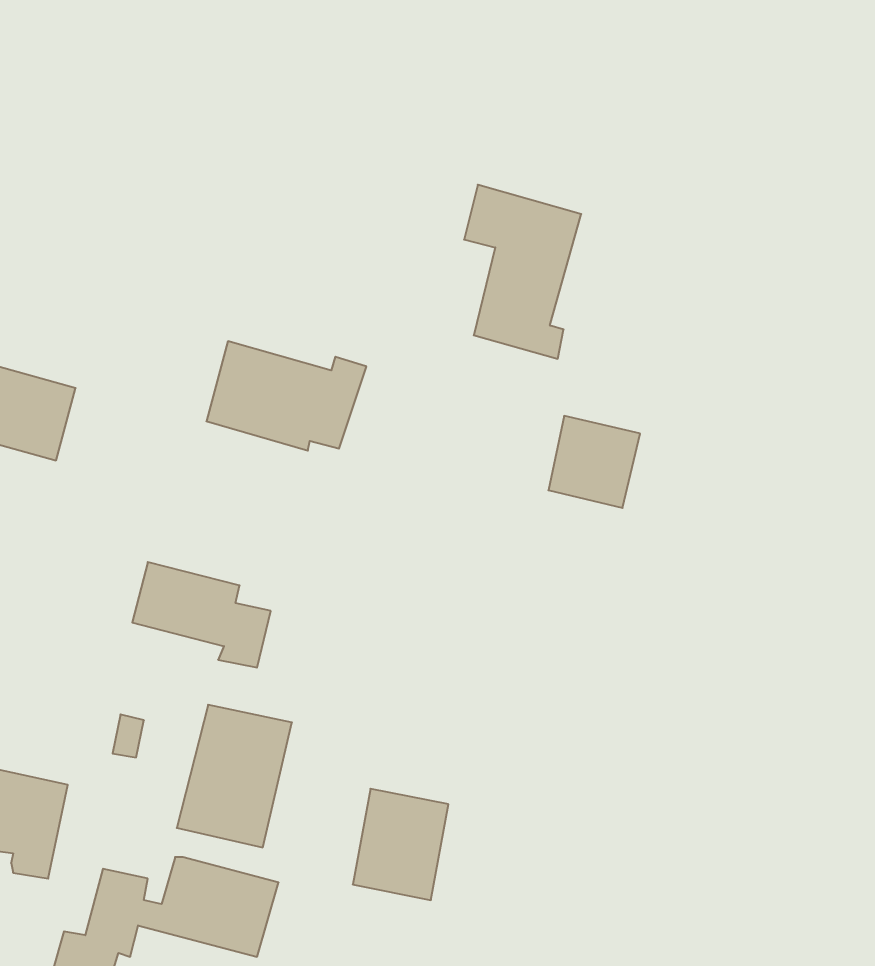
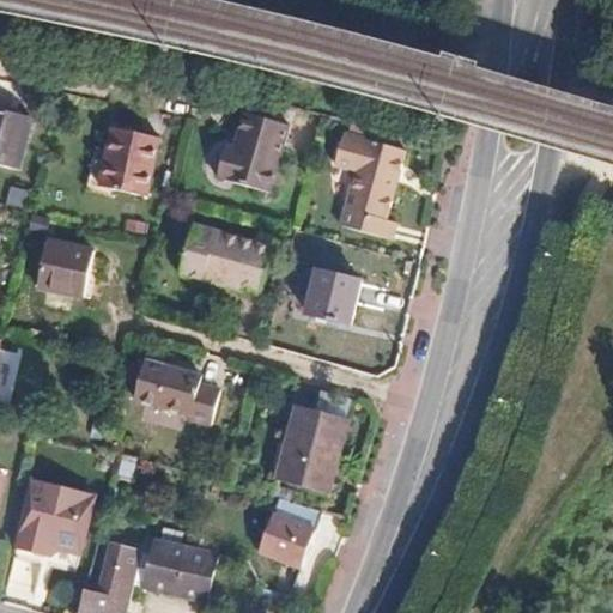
building: none -> [216,109,287,189]
building: none -> [97,127,156,195]
building: [548,416,640,508] -> [303,266,359,322]
building: [177,705,292,847] -> [273,406,344,493]

